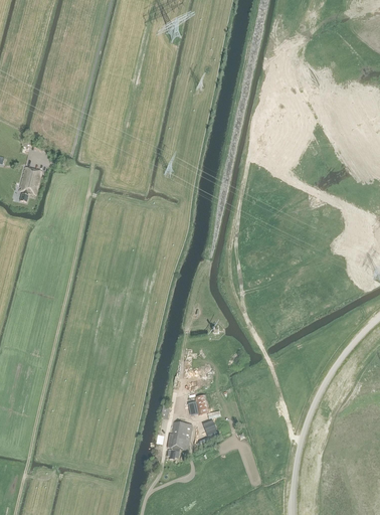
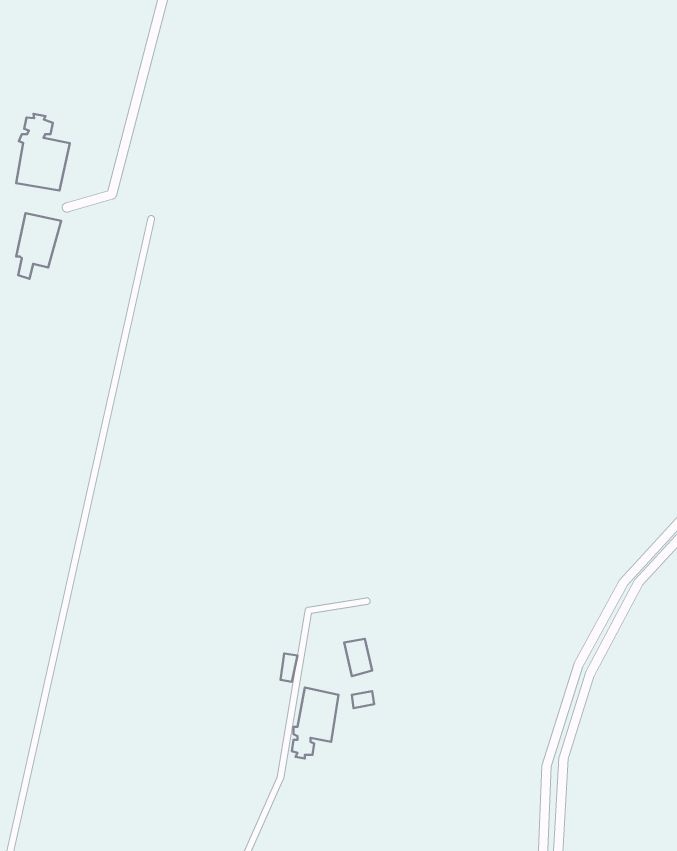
building: none -> [16,114,70,190]

